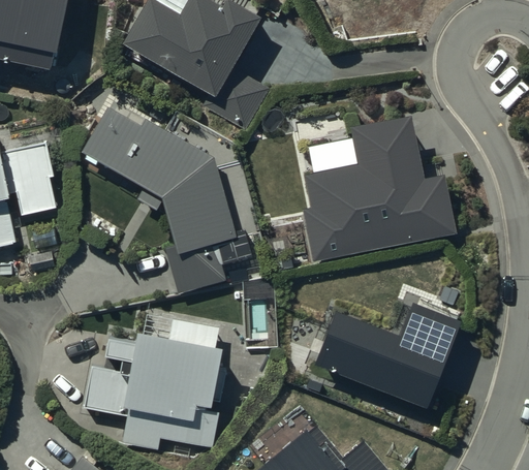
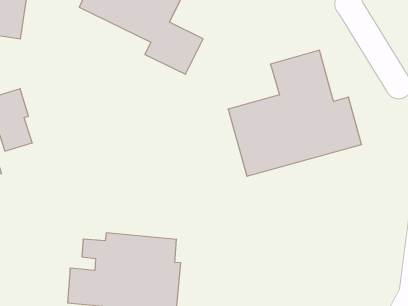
building: [85,114,251,294] -> none
building: [316,291,461,399] -> none

